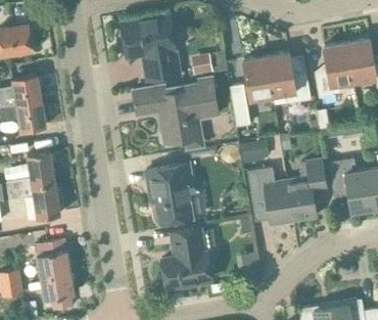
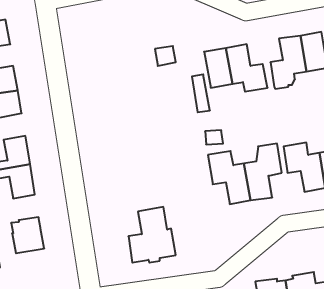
building: [121,17,178,82] -> none
building: [132,79,217,151] -> none
building: [145,165,191,224] -> none
building: [39,274,74,311] -> none

